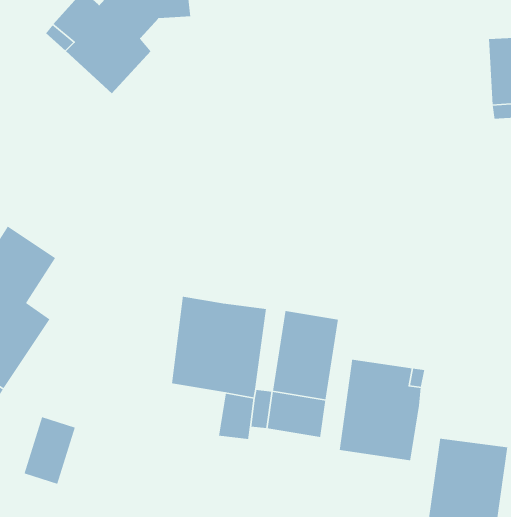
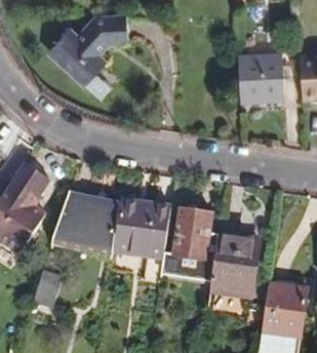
building: none -> [236,53,285,102]
building: none -> [53,192,120,251]

